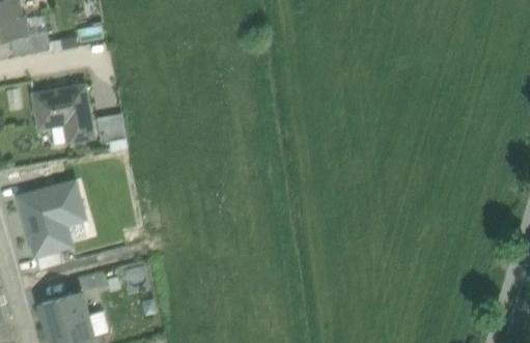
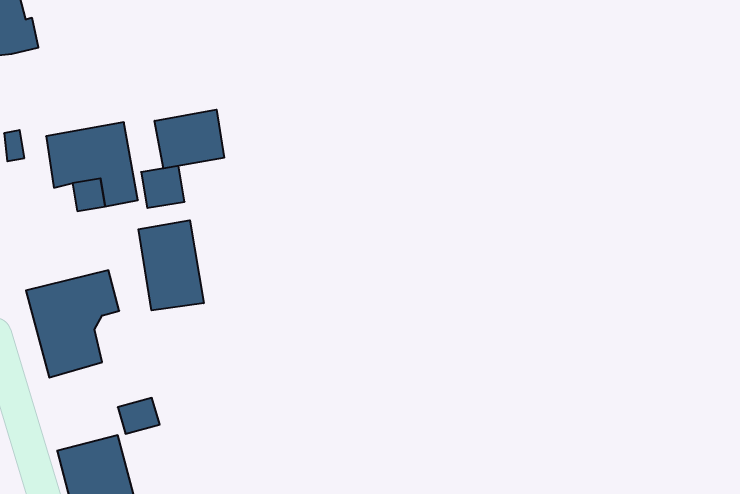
building: [10,32,50,56] -> none
building: none -> [155,110,224,168]
building: none -> [138,220,204,310]

